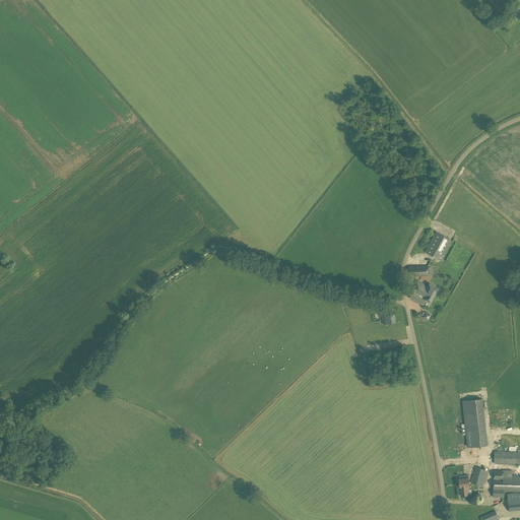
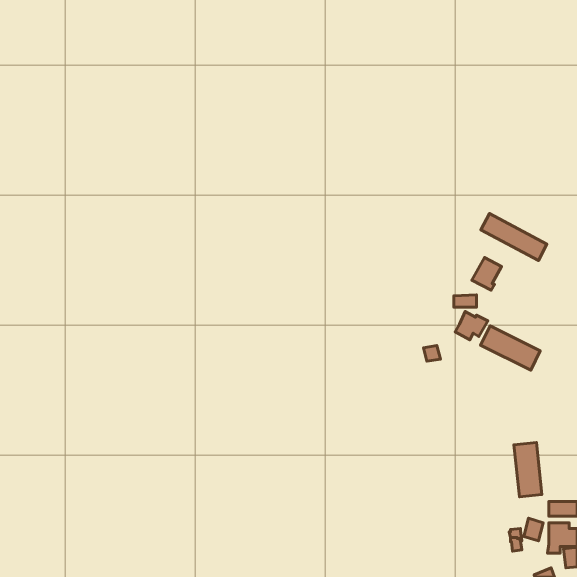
building: none -> [481,214,547,260]
building: none -> [481,326,540,370]

